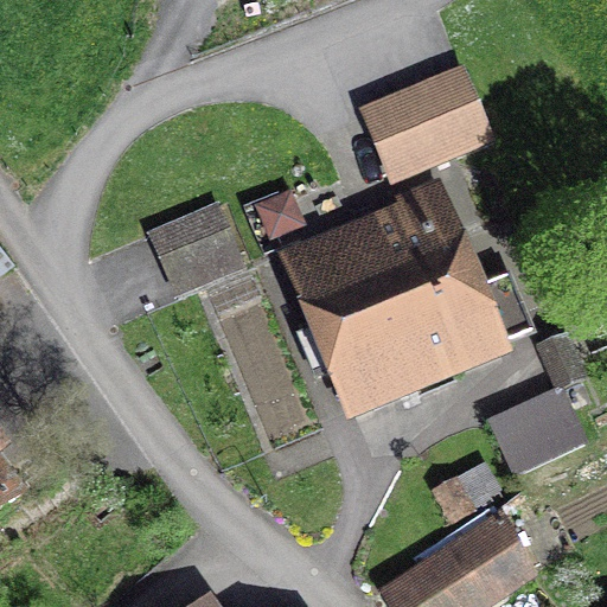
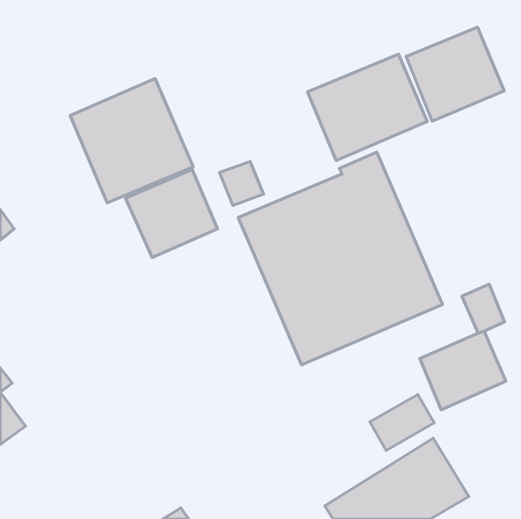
building: none -> [406,27,504,121]
building: none -> [70,79,193,203]

